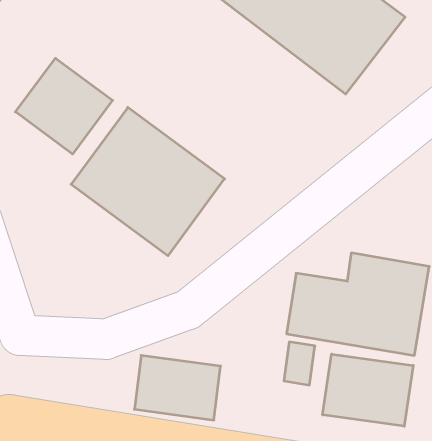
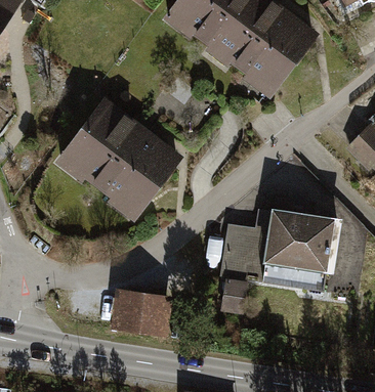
building: [15,58,113,154] -> none
building: [323,354,413,426] -> none

